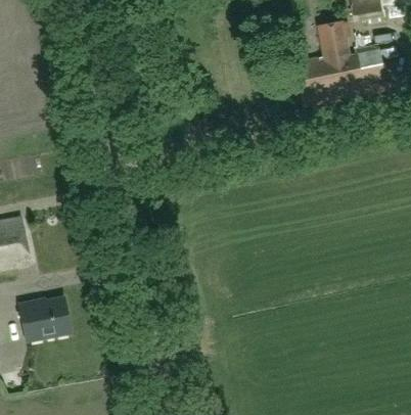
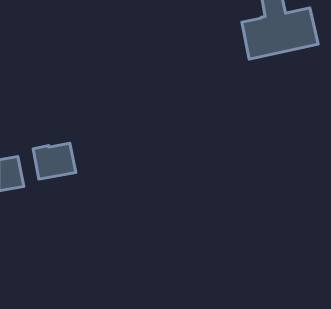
building: [18,294,71,338] -> [33,143,76,179]

